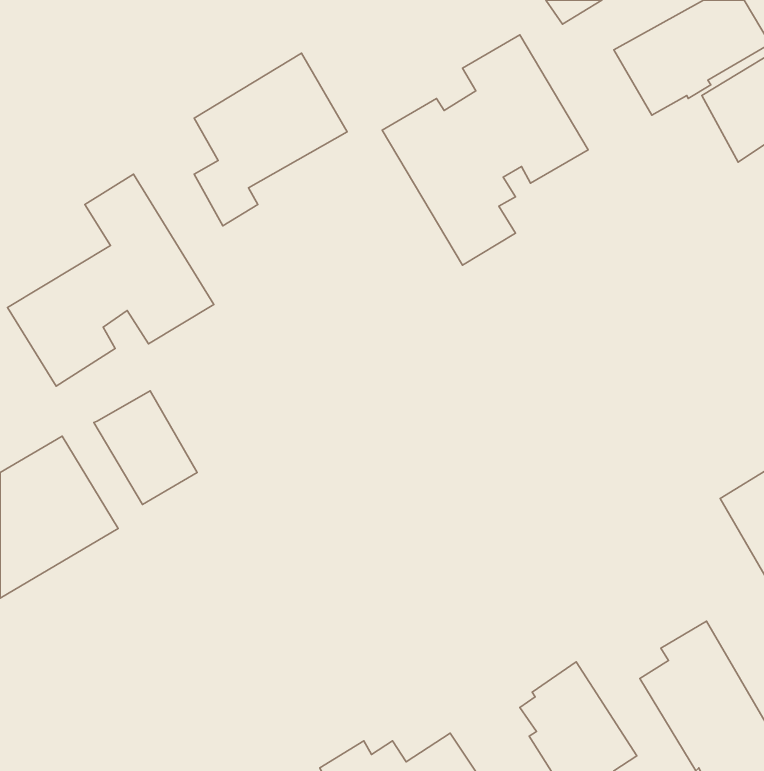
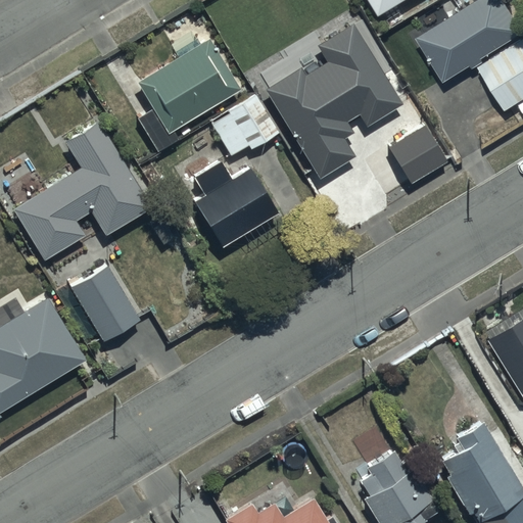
building: none -> [211,95,280,155]
building: none -> [388,126,446,184]
building: none -> [191,158,277,248]

